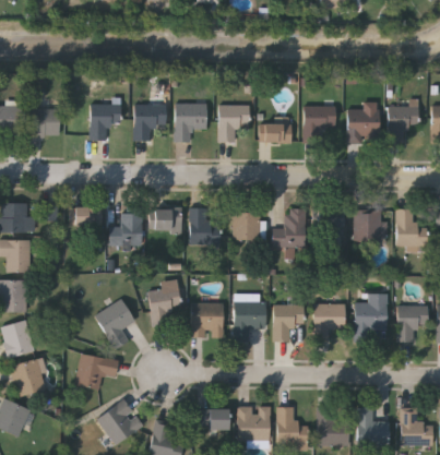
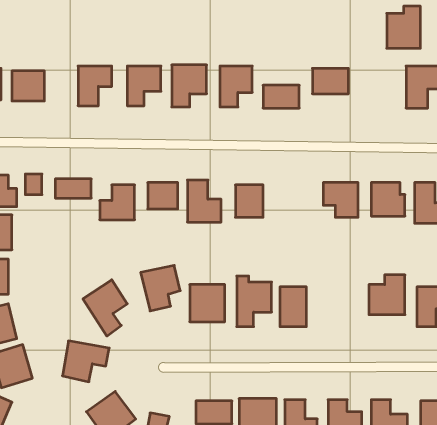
building: [347,101,378,140] -> [387,6,420,48]
building: [272,208,305,248] -> none
building: [313,303,344,340] -> none

